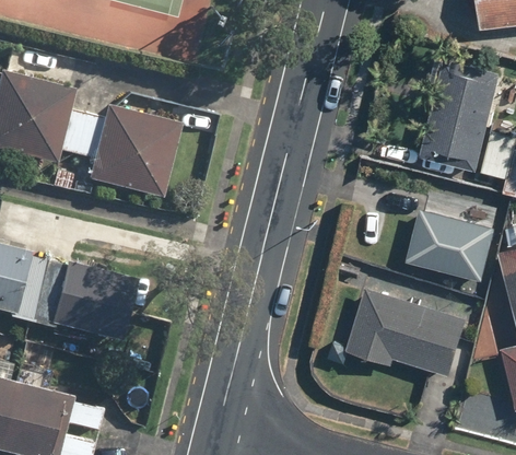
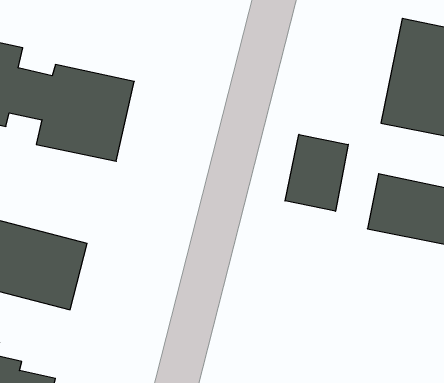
building: none -> [285,134,348,211]
building: [345,289,466,373] -> none

